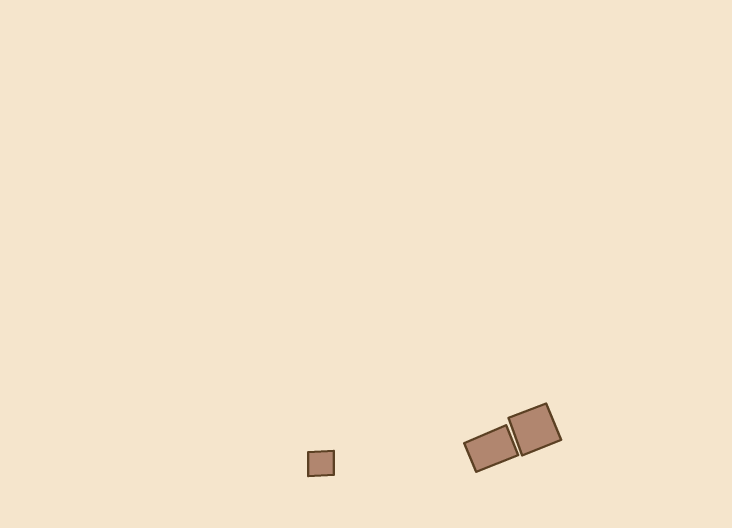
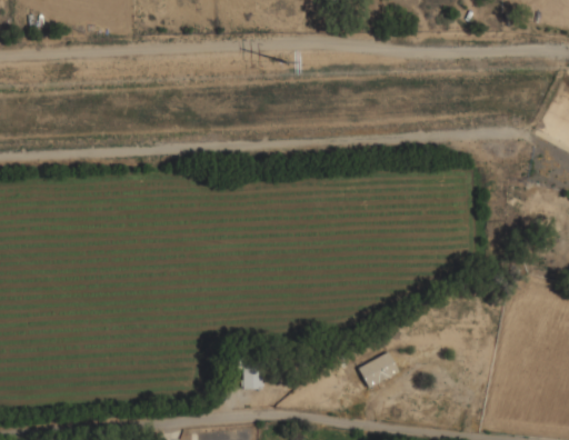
building: [509,403,561,455] -> none

